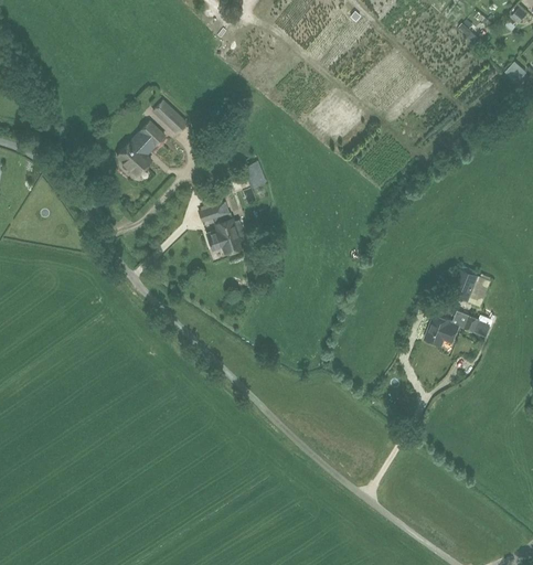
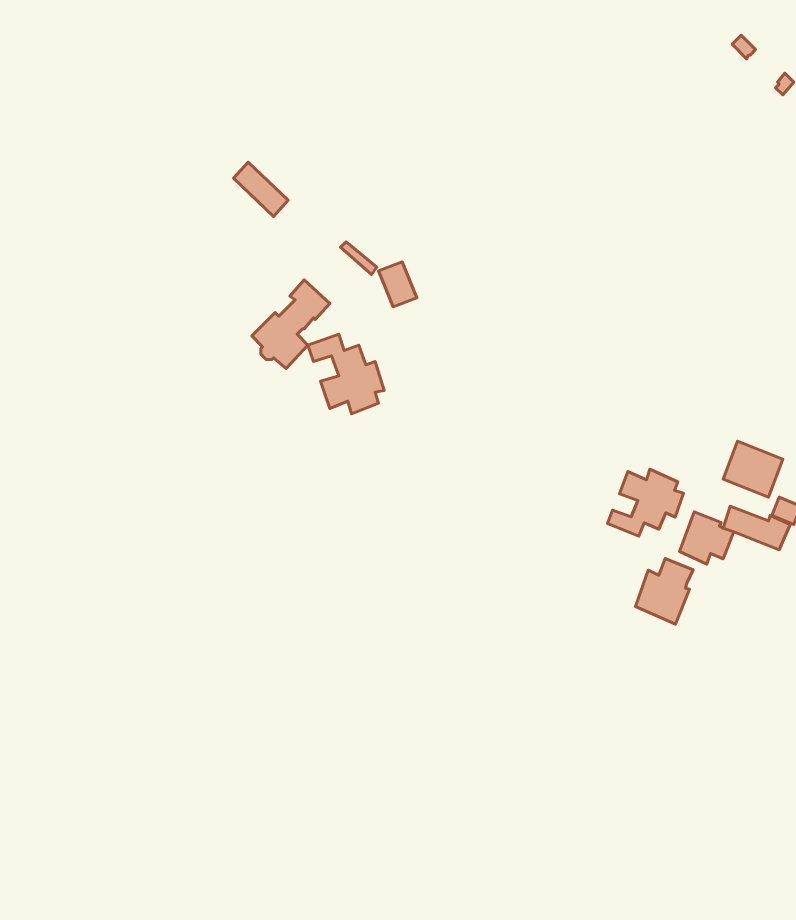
building: [117,121,164,175] -> [252,280,330,369]
building: none -> [607,469,684,536]
building: none -> [636,559,693,624]

